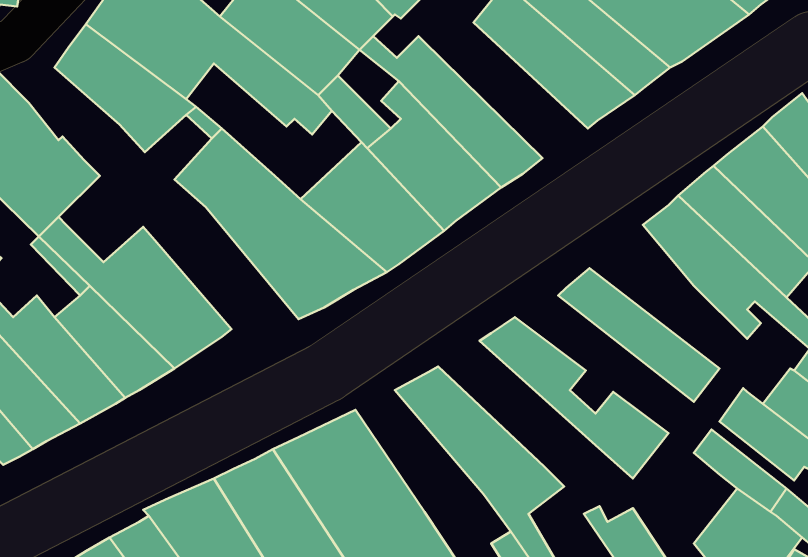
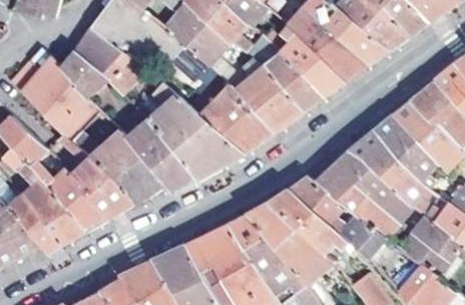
building: none -> [262,26,346,95]
building: none -> [61,49,107,96]
building: none -> [126,104,198,192]
building: none -> [347,129,433,215]
building: none -> [313,166,400,236]
building: none -> [270,189,350,253]
building: none -> [227,214,307,292]

